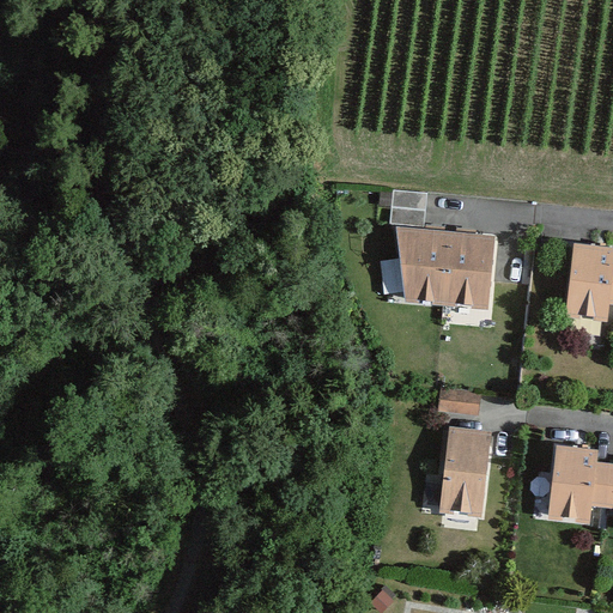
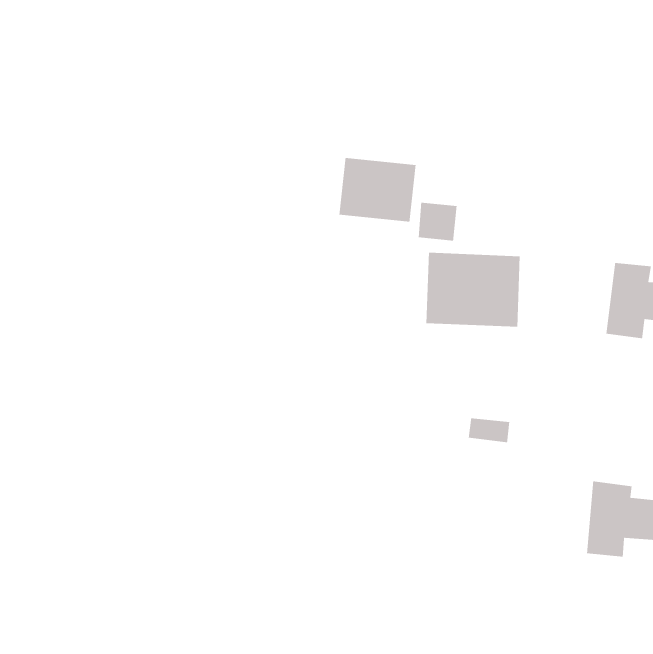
building: none -> [338,157,417,223]
building: [438,431,485,514] -> none

